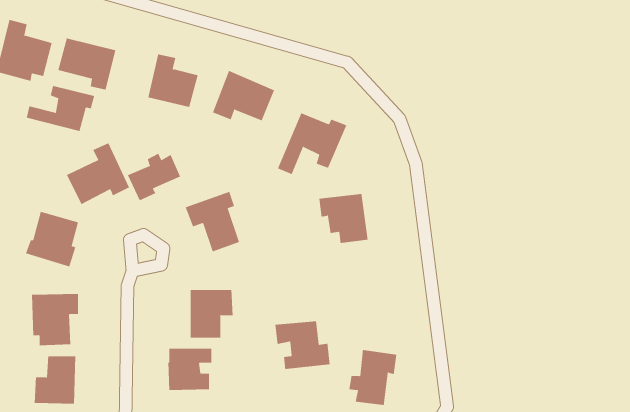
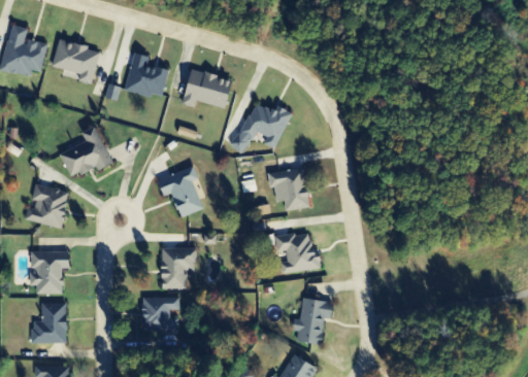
building: [26,85,95,132] -> none
building: [127,153,181,201] -> none
building: [274,321,331,369] -> [274,233,321,273]

